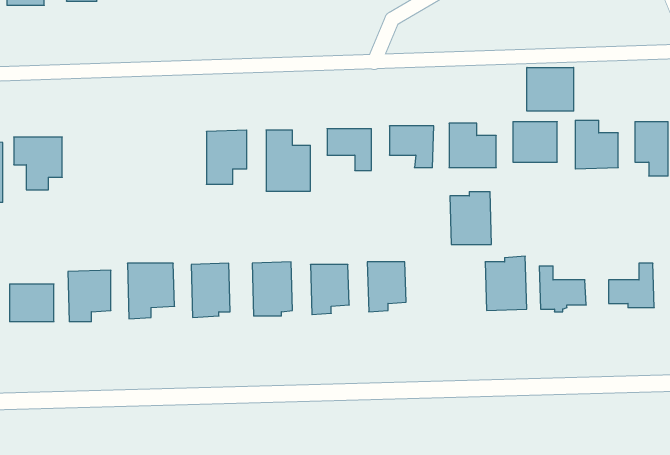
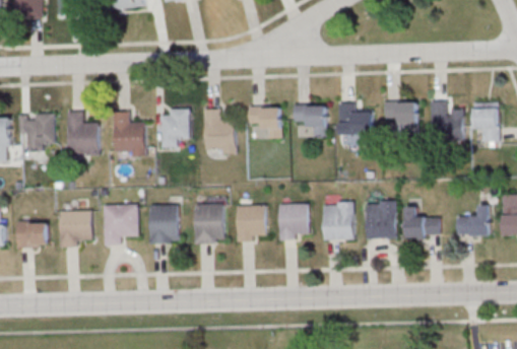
building: [527,67,574,111] -> none
building: none -> [68,111,100,154]
building: none -> [114,111,145,156]
building: [450,192,491,244] -> [322,202,352,240]

